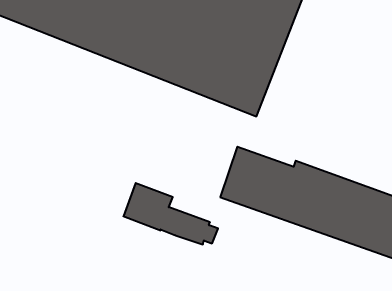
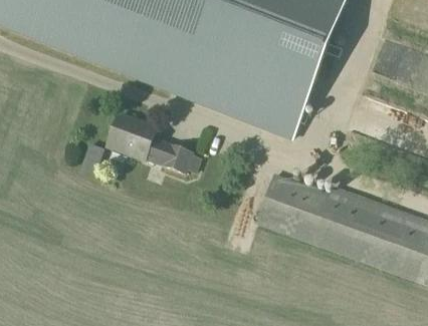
building: [123,183,218,244] -> [103,109,198,171]

